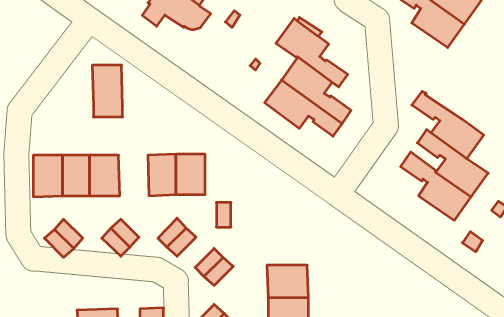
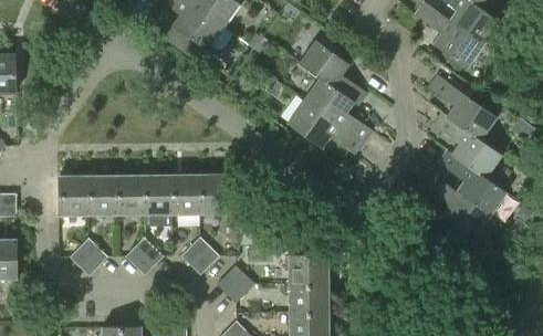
building: none -> [427,75,497,139]
building: [92,65,123,117] -> [143,175,173,225]
building: none -> [289,254,328,283]

